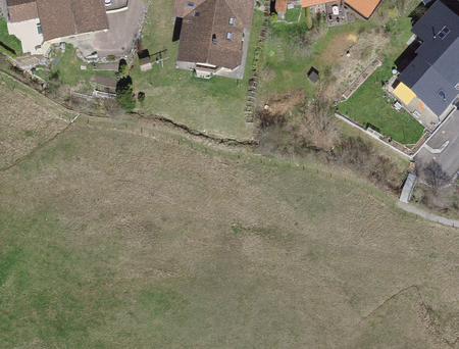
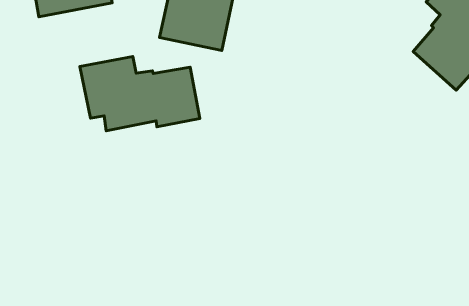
building: none -> [80,56,200,131]

